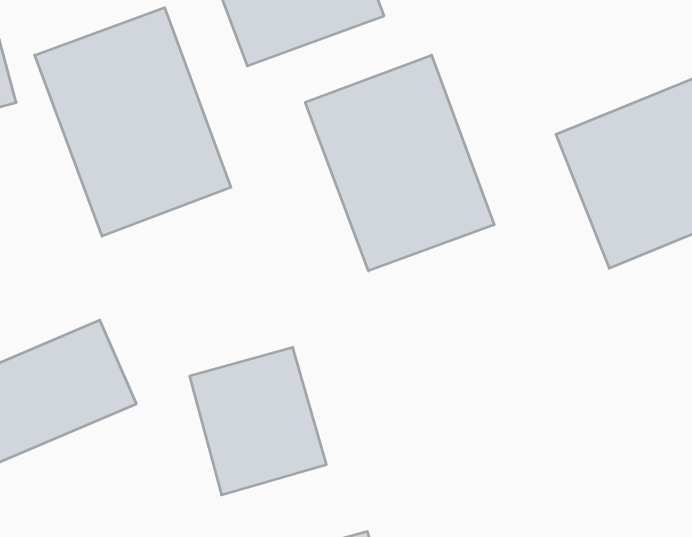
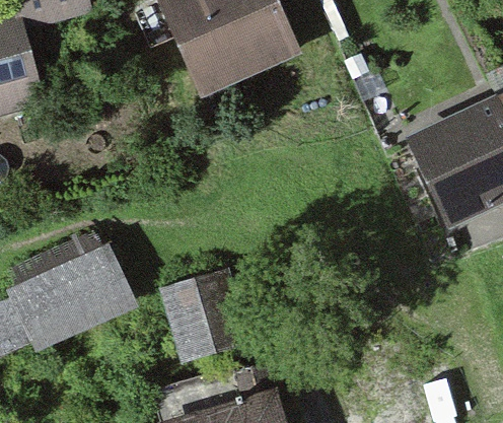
building: [35,8,231,236] -> none
building: [305,55,494,271] -> none

